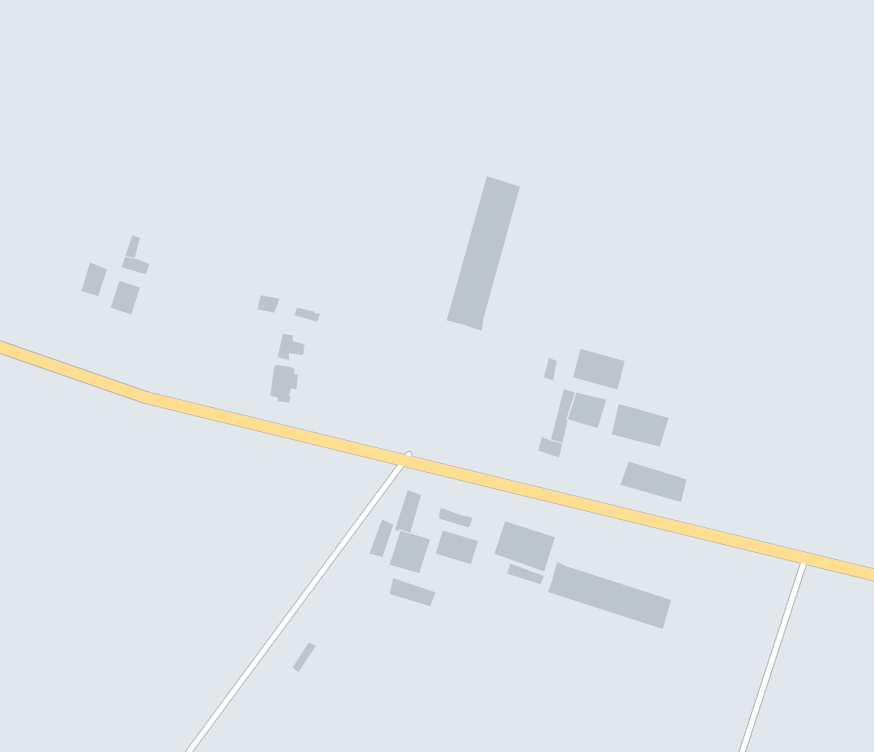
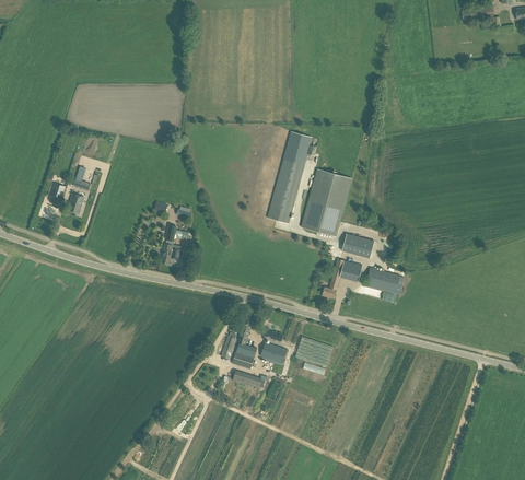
building: none -> [302,167,352,235]
building: [620,461,687,503] -> none
building: [547,561,672,630] -> none

